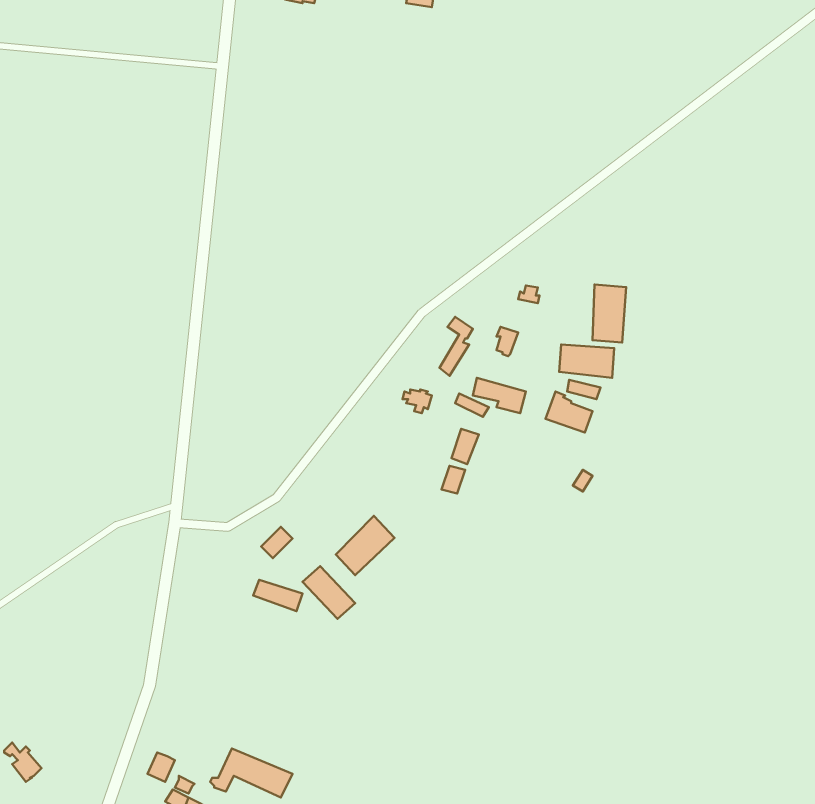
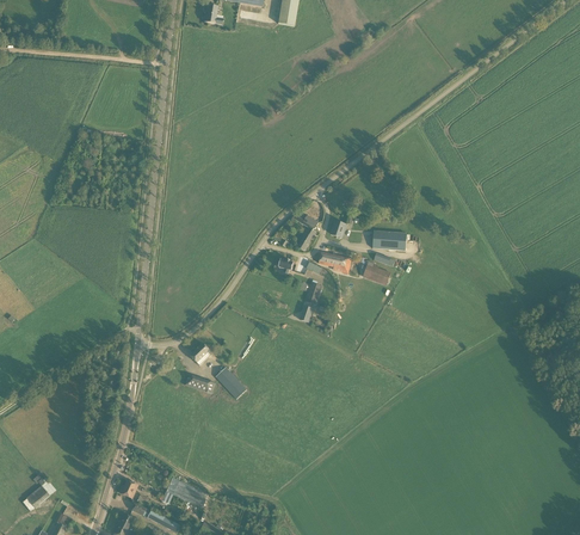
building: [592,285,626,342] -> none
building: [336,516,394,575] -> none

